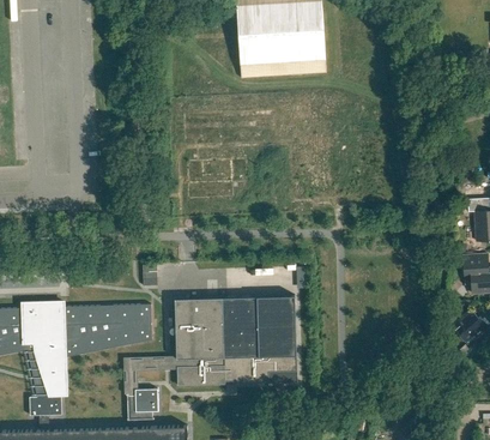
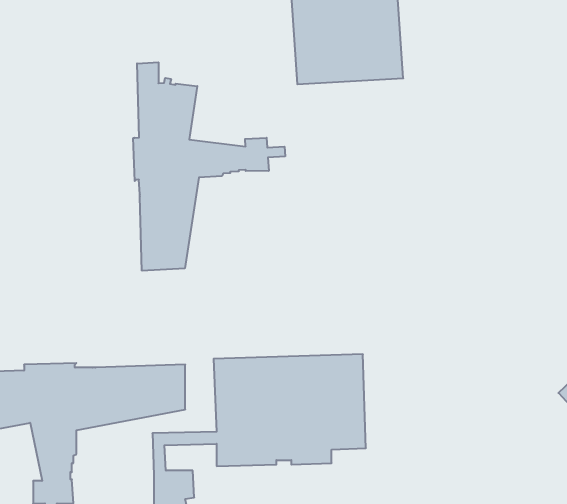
building: none -> [133,62,285,271]

